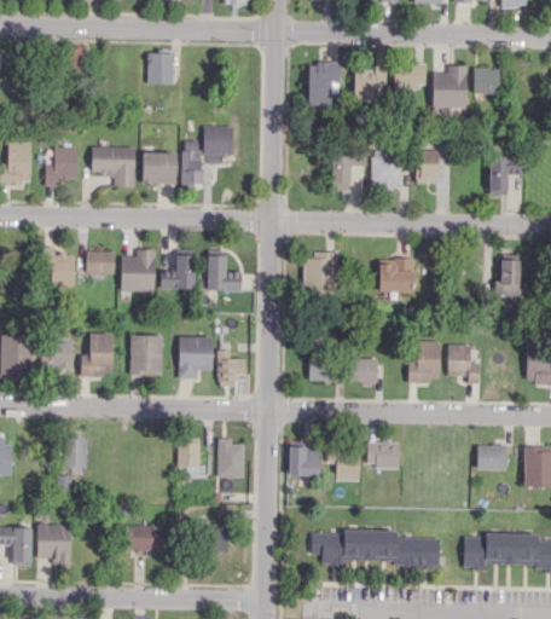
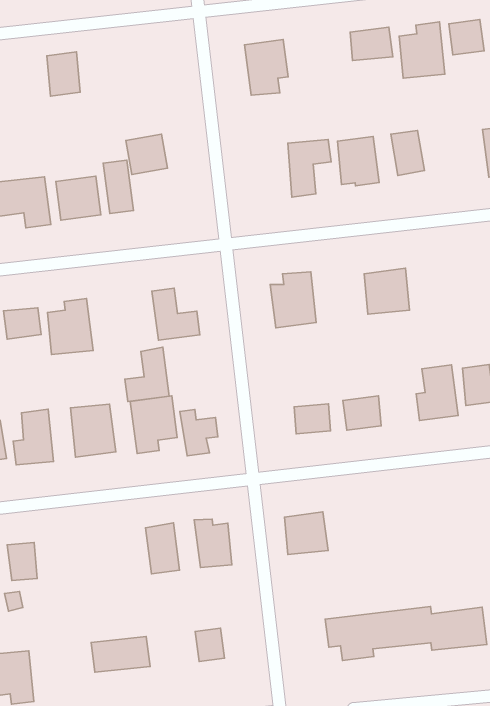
building: [354,63,385,102] -> none
building: [161,249,195,289] -> [125,347,169,402]
building: [366,441,400,467] -> none
building: [326,449,360,480] -> none

